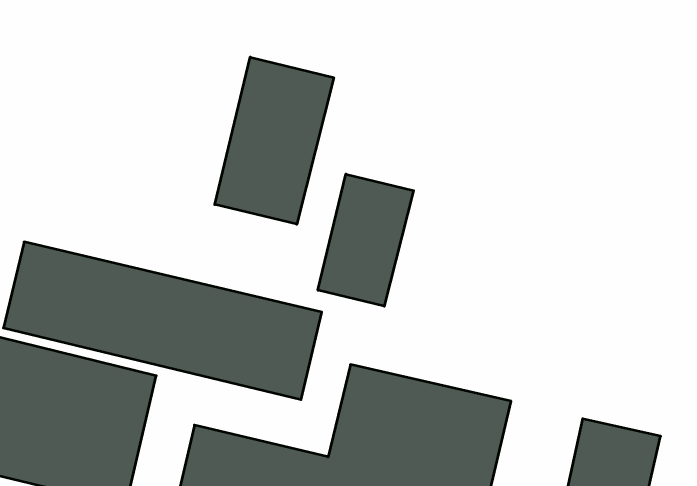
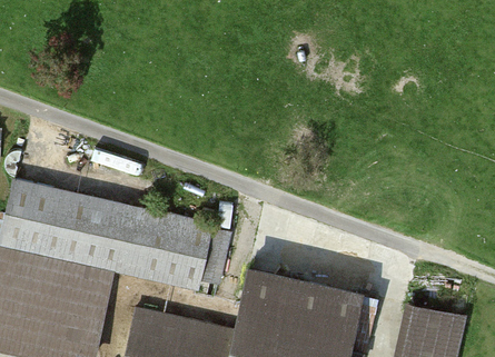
building: [215,57,334,224] -> none
building: [318,174,414,306] -> none

